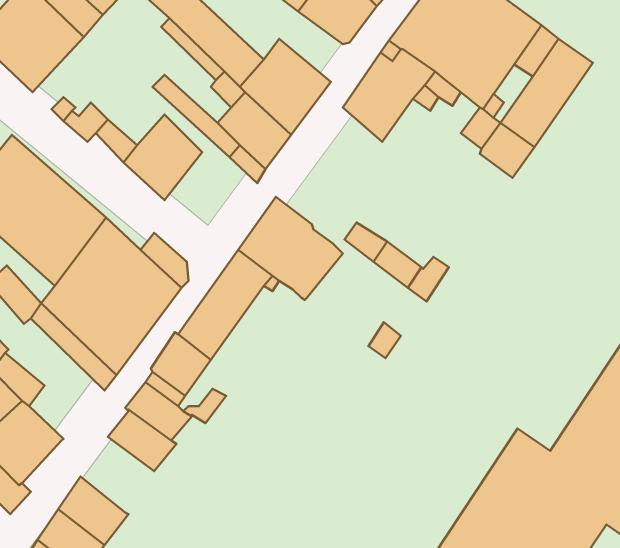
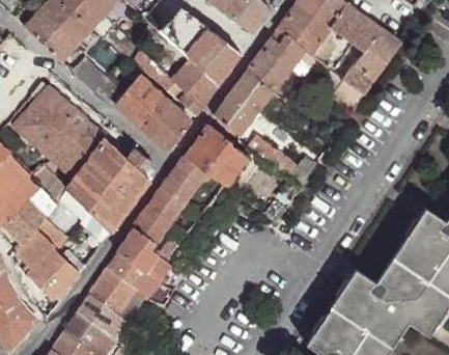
building: none -> [215,71,273,136]
building: none -> [141,98,192,149]
building: none -> [90,270,135,316]

